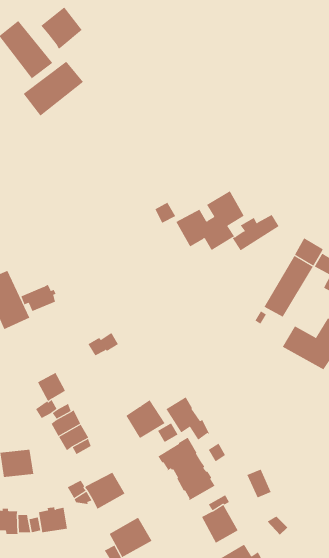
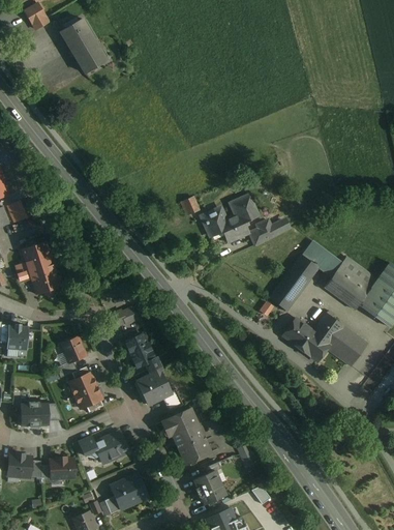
building: [40,6,82,49] -> none
building: [23,61,84,117] -> none
building: [20,284,57,312] -> none
building: [166,396,210,441] -> [124,334,161,375]

